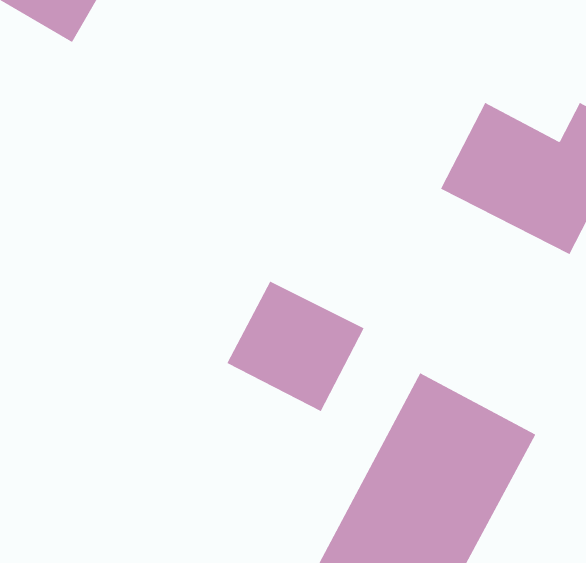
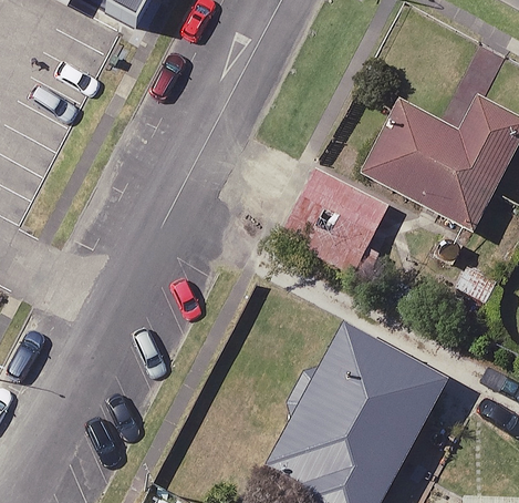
building: [227,281,364,412] -> [281,164,394,271]

